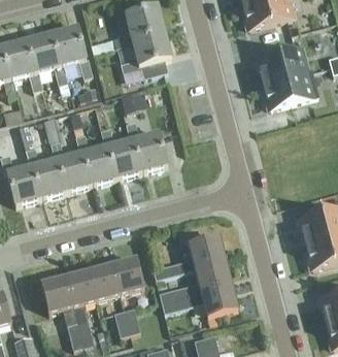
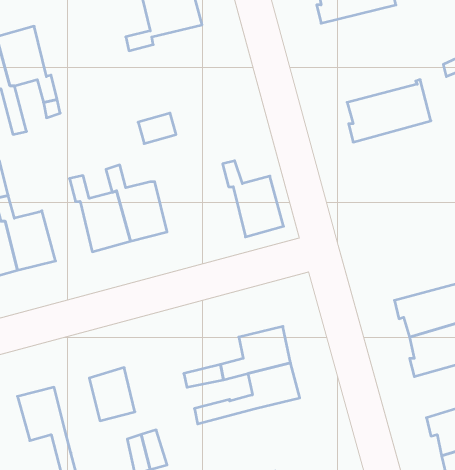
building: [52,25,92,76] -> none
building: [121,30,171,75] -> none
building: [254,43,310,83] -> none
building: [126,119,167,170] -> [223,161,284,237]
building: [50,138,91,190] -> none
building: [112,256,144,292] -> none
building: [65,269,96,304] -> none
building: [162,283,237,315] -> none

